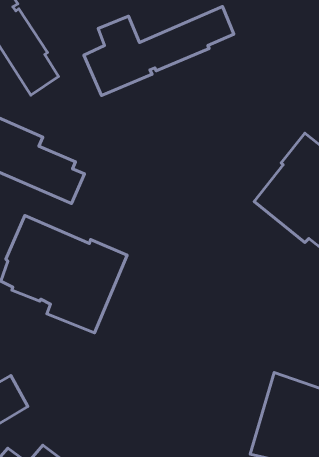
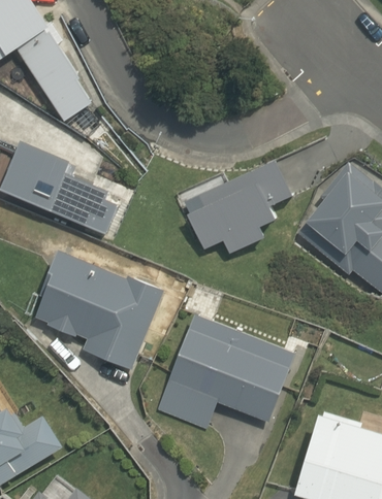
building: [84,7,234,95] -> none
building: none -> [193,163,301,256]
building: none -> [157,314,295,430]

